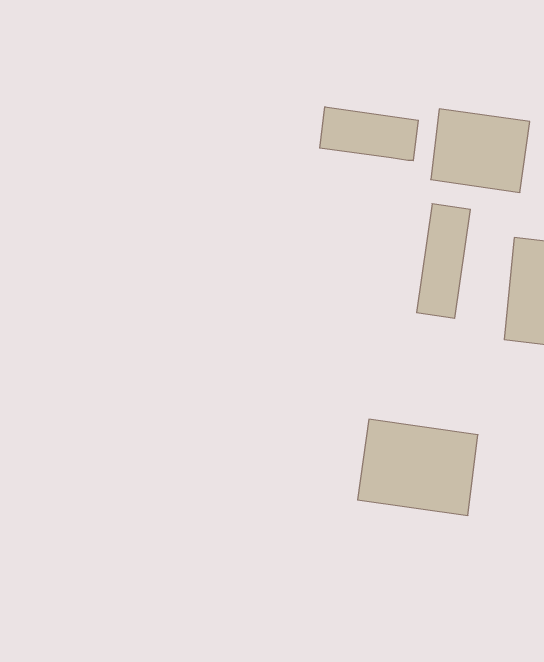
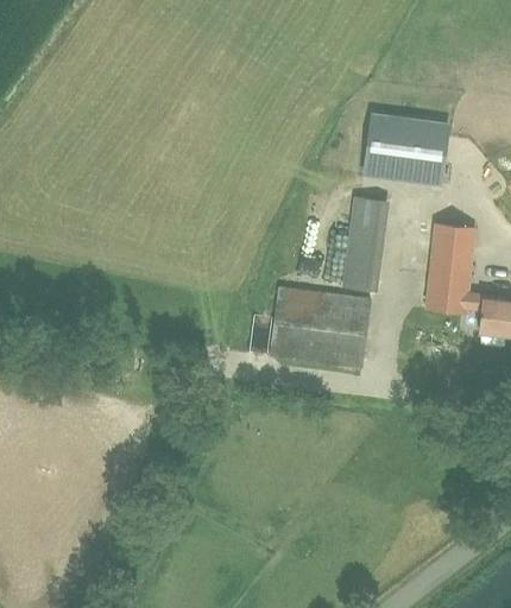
building: [320,107,418,161] -> none
building: [358,419,478,515] -> [267,287,368,368]

